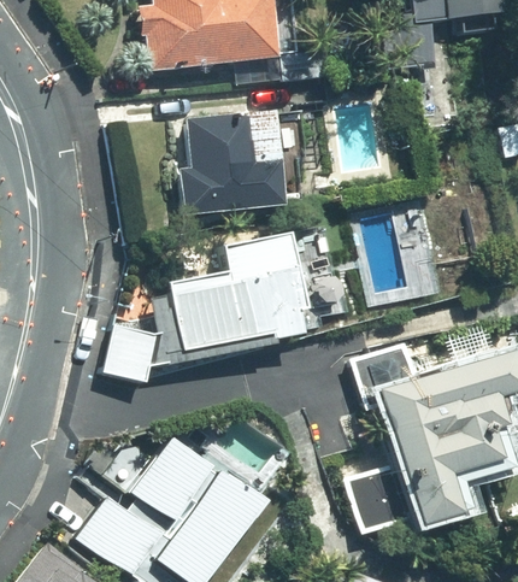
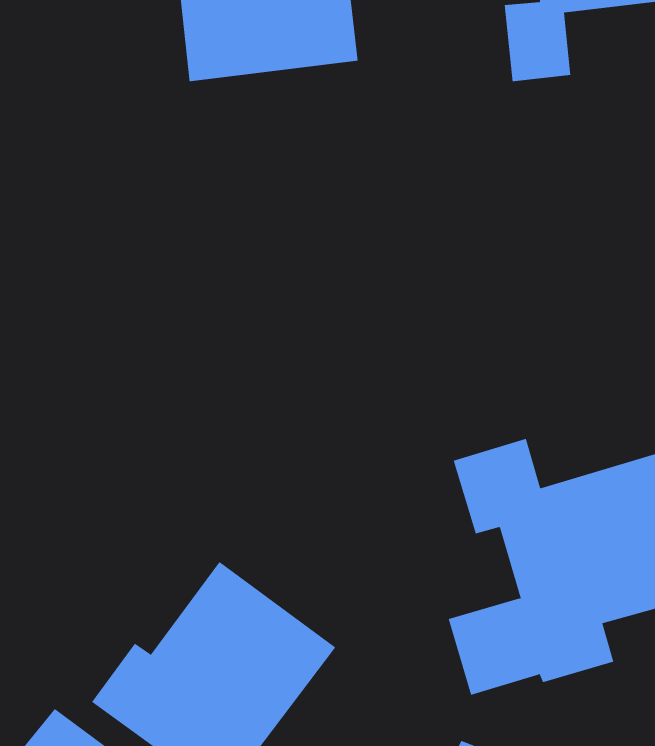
building: [181,111,287,214] -> none
building: [108,230,313,381] -> none

